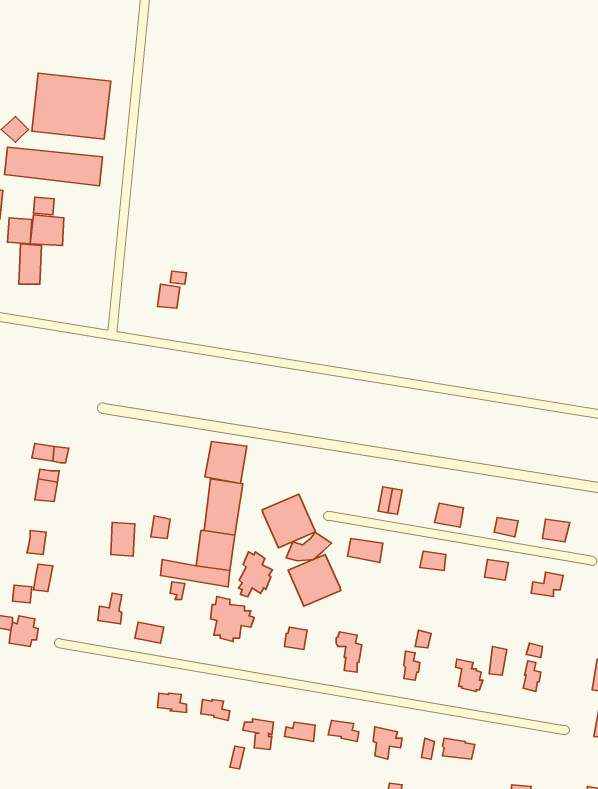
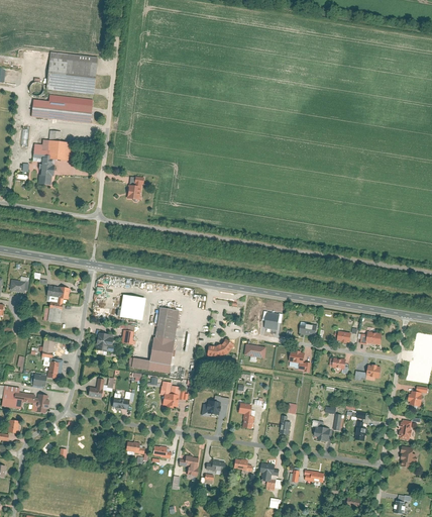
building: [205,441,247,483] -> [118,294,144,320]
building: [262,494,315,548] -> none
building: [239,552,272,597] -> none
building: [288,554,341,606] -> none

